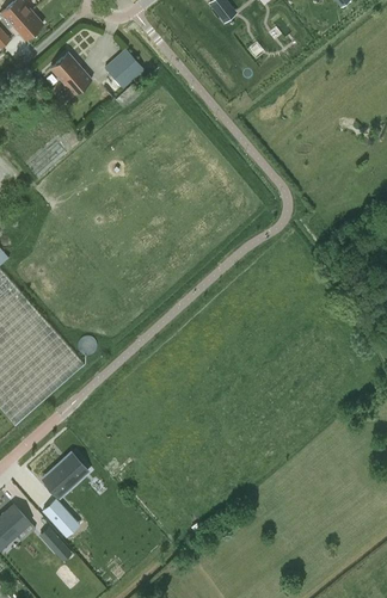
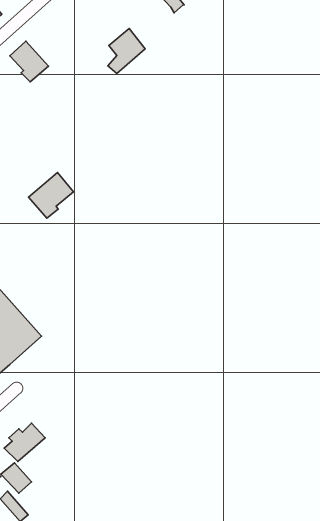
building: [103,49,142,97] -> [108,28,145,74]
building: none -> [28,173,73,218]

